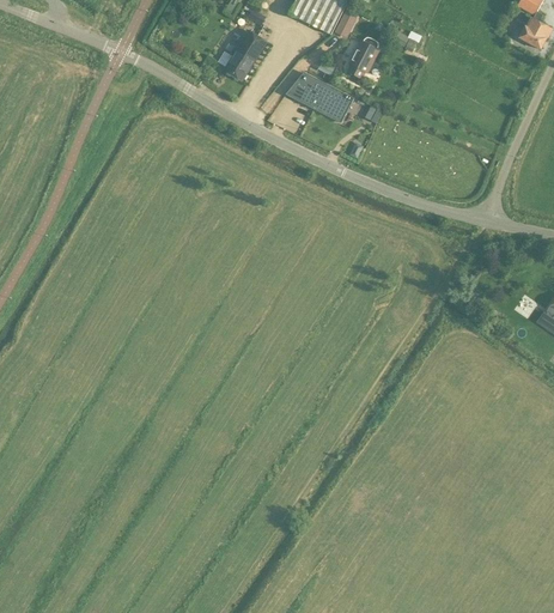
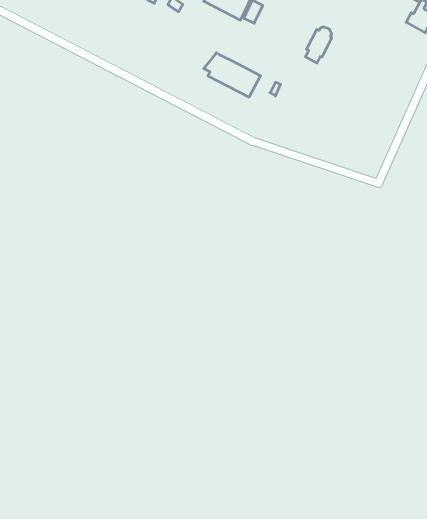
building: [215,30,263,79] -> none
building: [346,37,376,78] -> [305,27,332,63]

